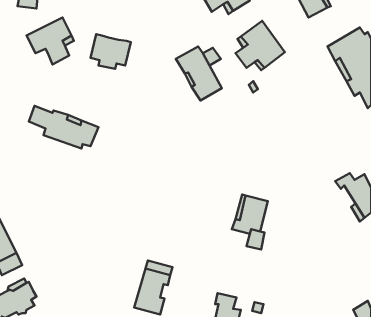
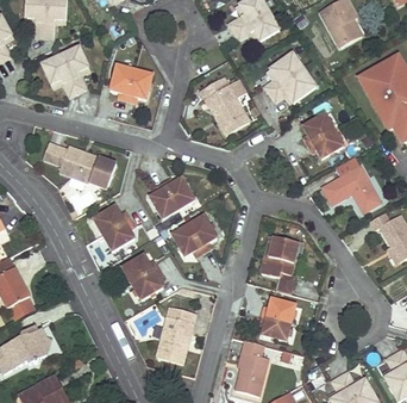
building: none -> [301,112,343,159]
building: none -> [321,155,380,212]
building: none -> [150,176,194,217]
building: none -> [93,205,133,250]
building: none -> [171,215,217,255]
building: none -> [121,254,162,299]
building: none -> [257,298,295,341]

